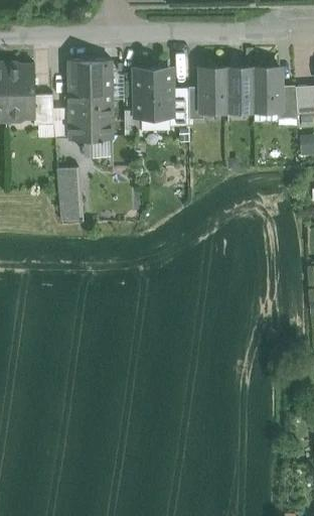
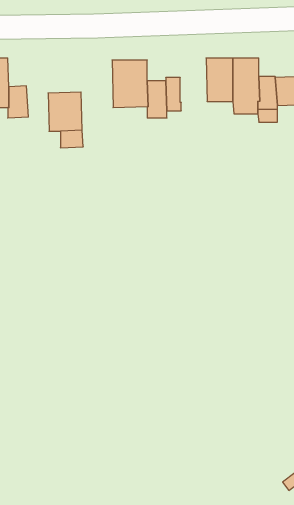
building: [70,59,107,102] -> none
building: [202,68,228,111] -> none
building: [57,168,81,221] -> none

